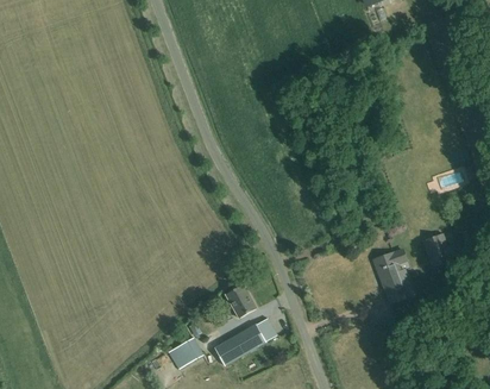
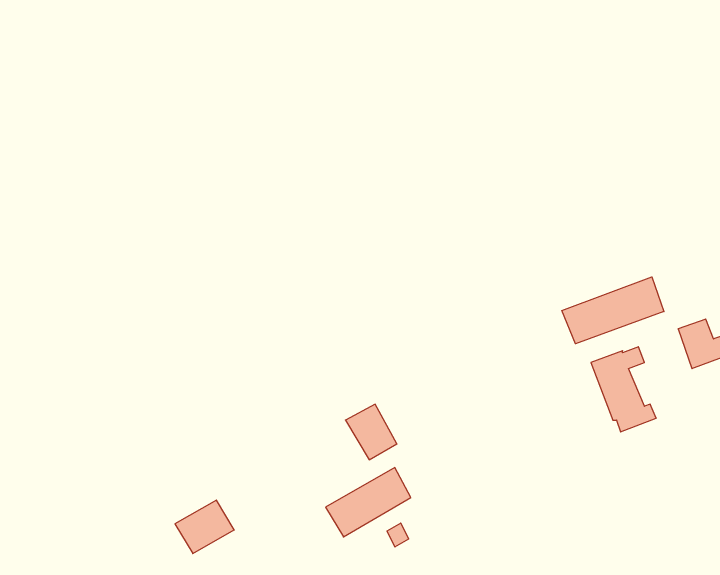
building: none -> [562,277,664,344]
building: [168,335,203,368] -> [175,500,234,554]

